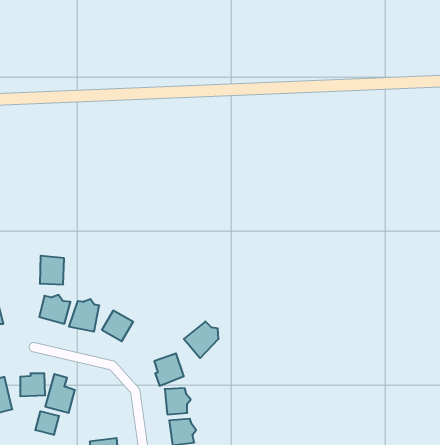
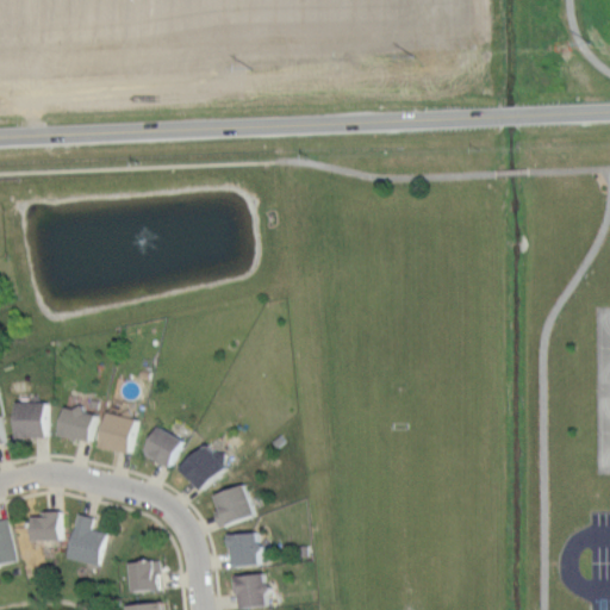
building: [40,256,64,284] -> [12,399,45,438]
building: [184,321,219,358] -> [175,442,223,492]
building: none -> [126,559,161,592]
building: [35,411,59,435] -> none

